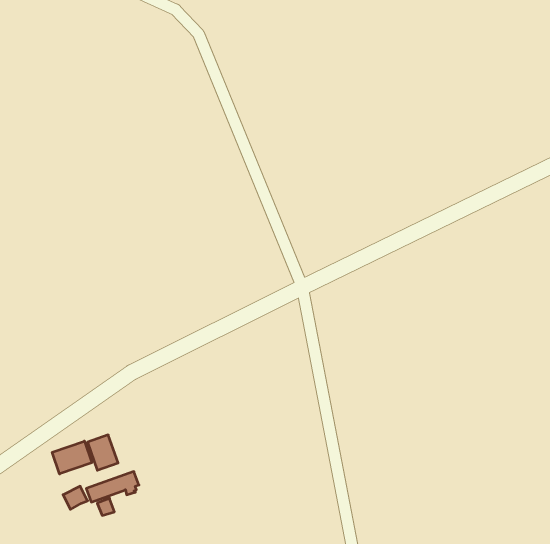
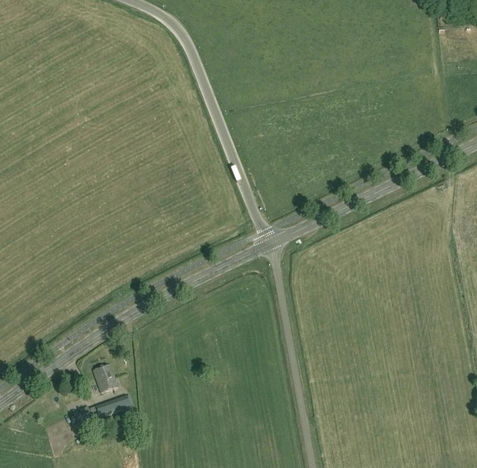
building: [52,441,92,474] -> none

